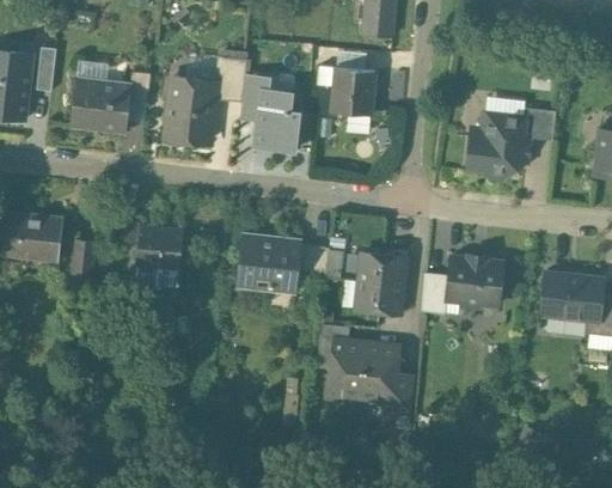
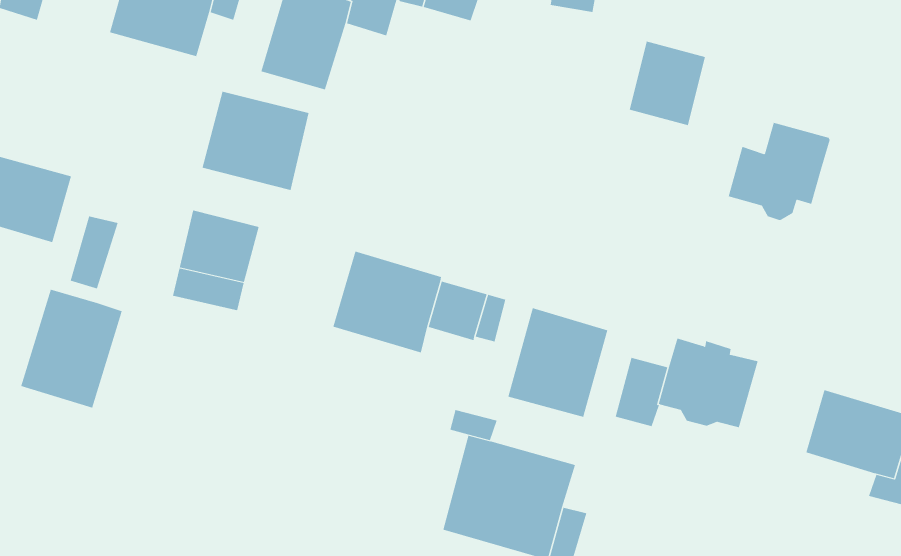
building: [332,67,374,115] -> [629,41,706,126]
building: [255,87,299,150] -> none
building: [522,106,556,139] -> none
building: none -> [202,91,309,191]
building: none -> [21,289,123,409]

